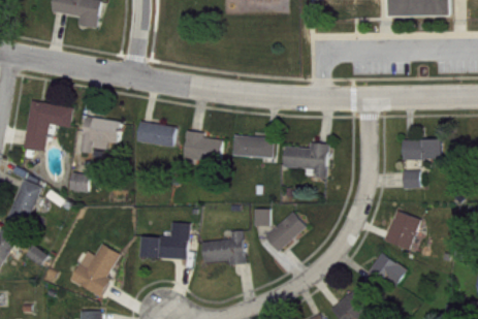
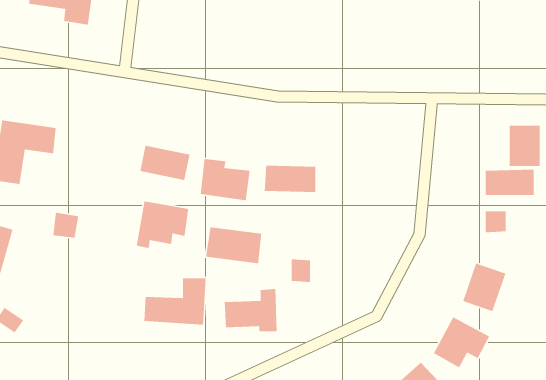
building: none -> [509,125,541,167]
building: [81,117,122,154] -> [136,201,189,249]
building: [284,143,328,178] -> none
building: none -> [205,227,262,264]
building: [264,212,307,253] -> none
building: [70,244,120,297] -> none

